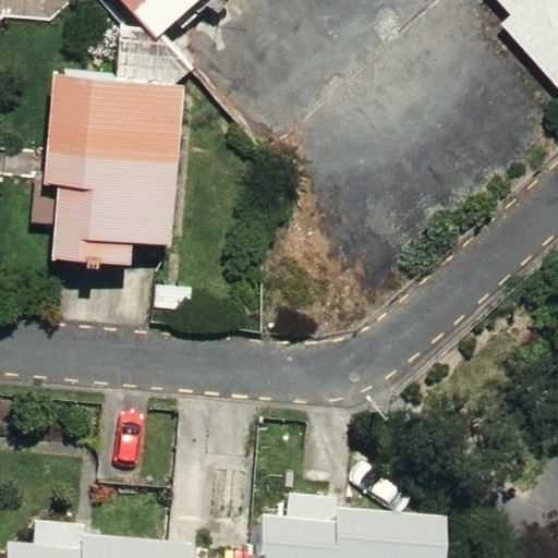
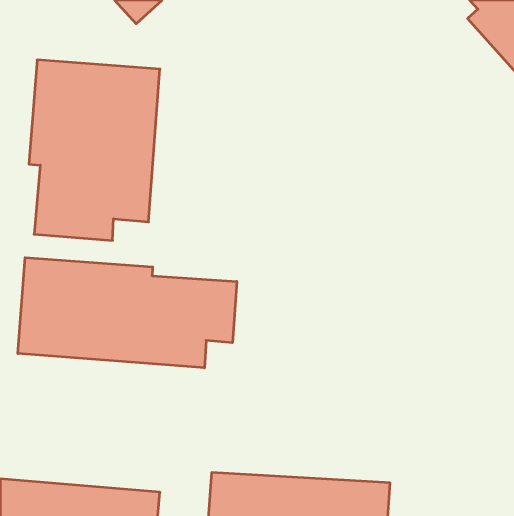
building: none -> [18,258,237,368]

